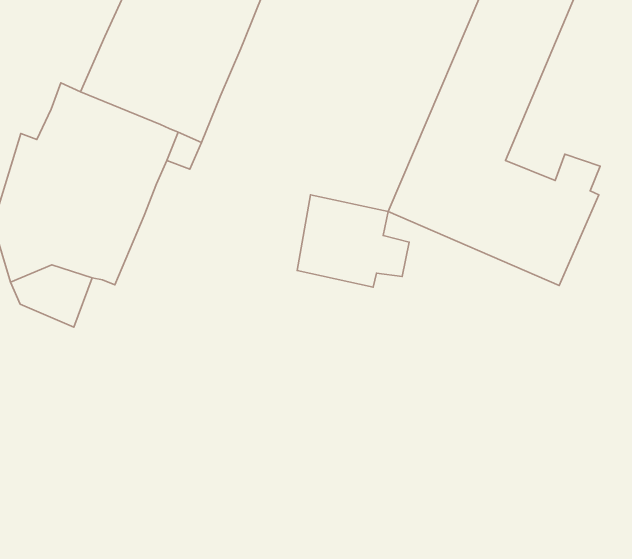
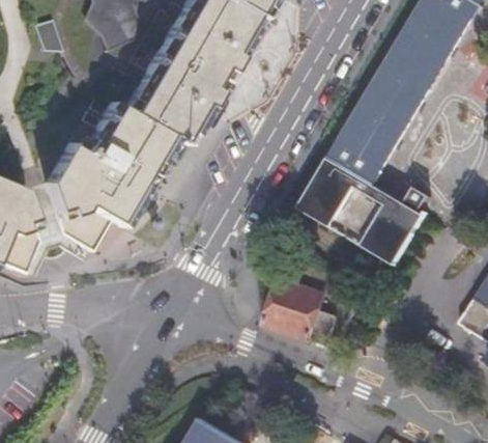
building: [297,195,409,287] -> [268,279,340,341]

